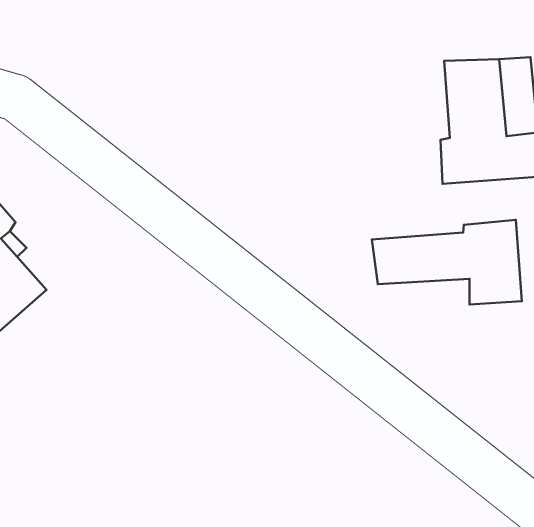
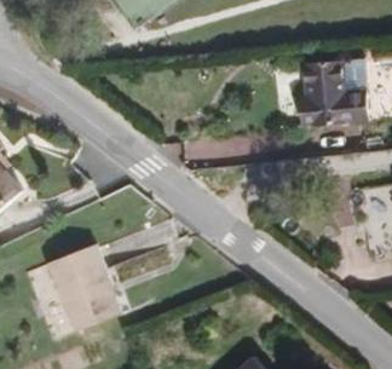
building: [372,220,522,305] -> none
building: none -> [45,247,113,324]

